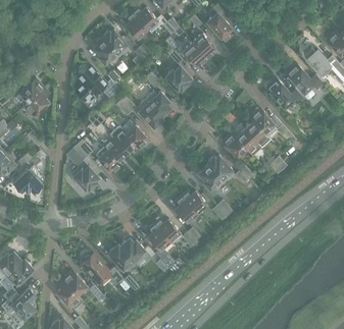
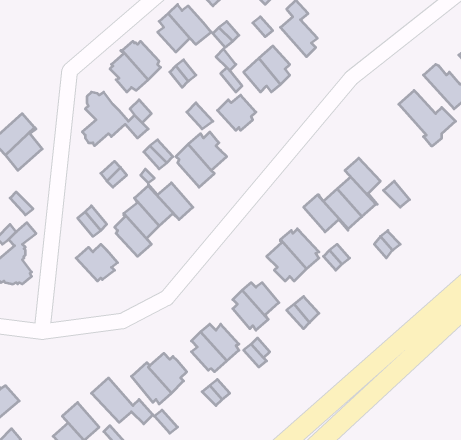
building: [265,78,302,108] -> none

